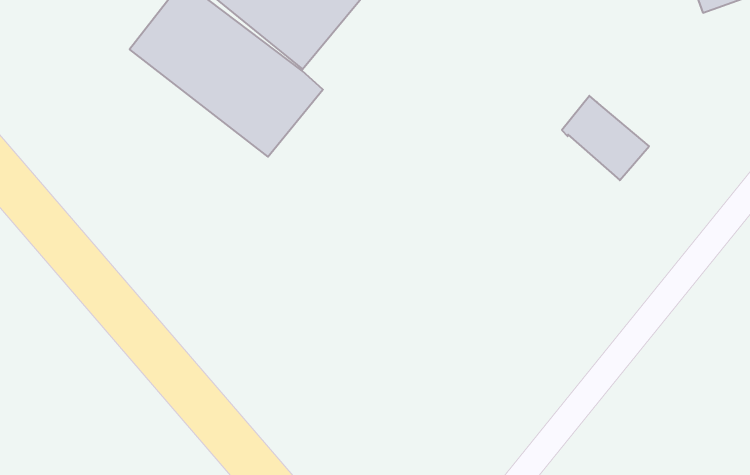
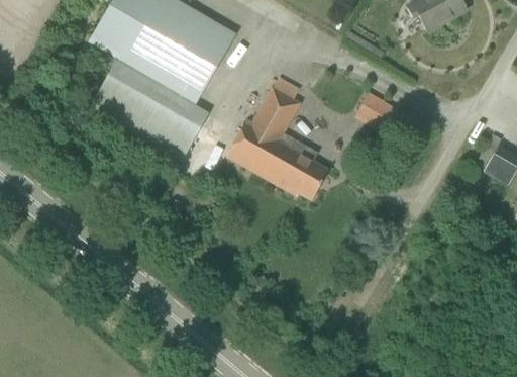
building: none -> [226,76,326,197]

